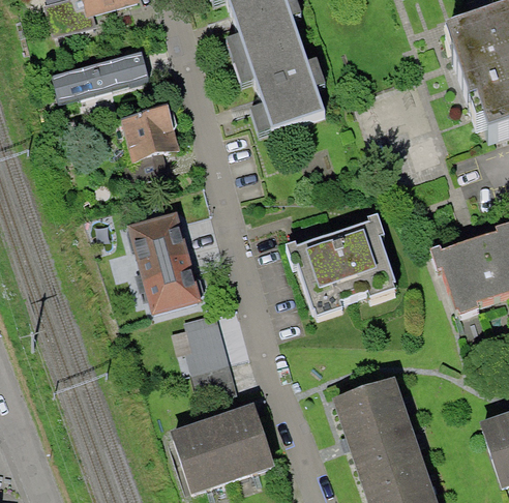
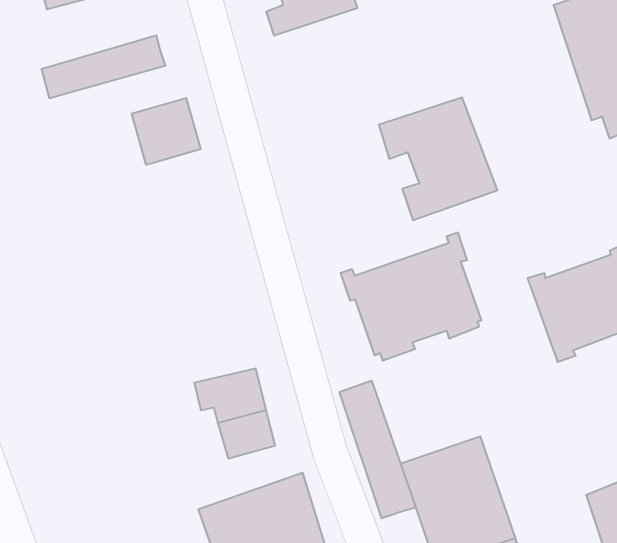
building: [232,35,326,132] -> [379,97,498,220]
building: [126,210,201,314] -> none
building: none -> [340,381,416,518]

